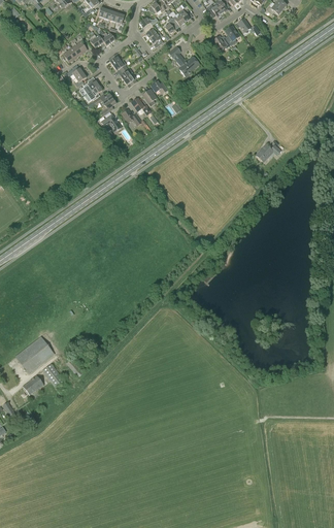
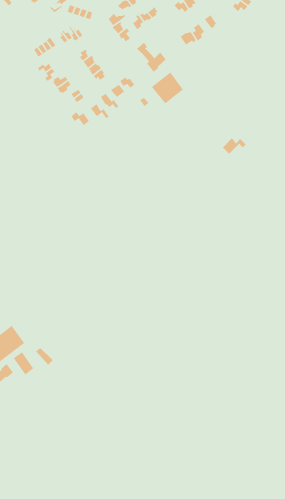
building: none -> [151,71,184,104]

